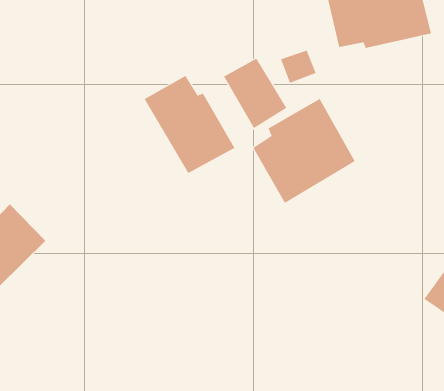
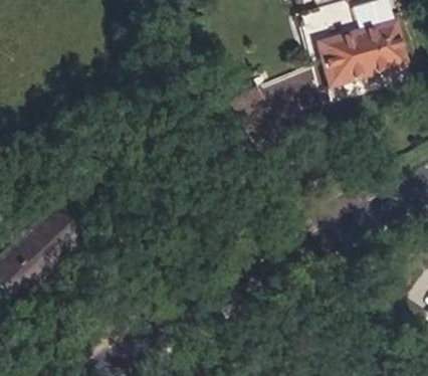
building: [144,75,235,174] -> none
building: [252,98,355,204] -> none

